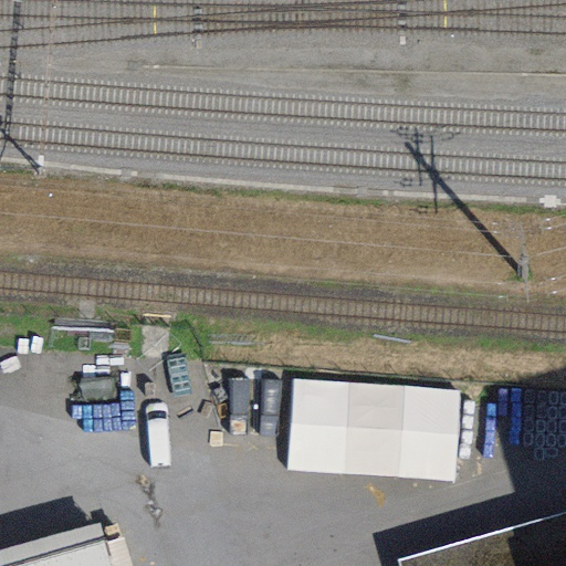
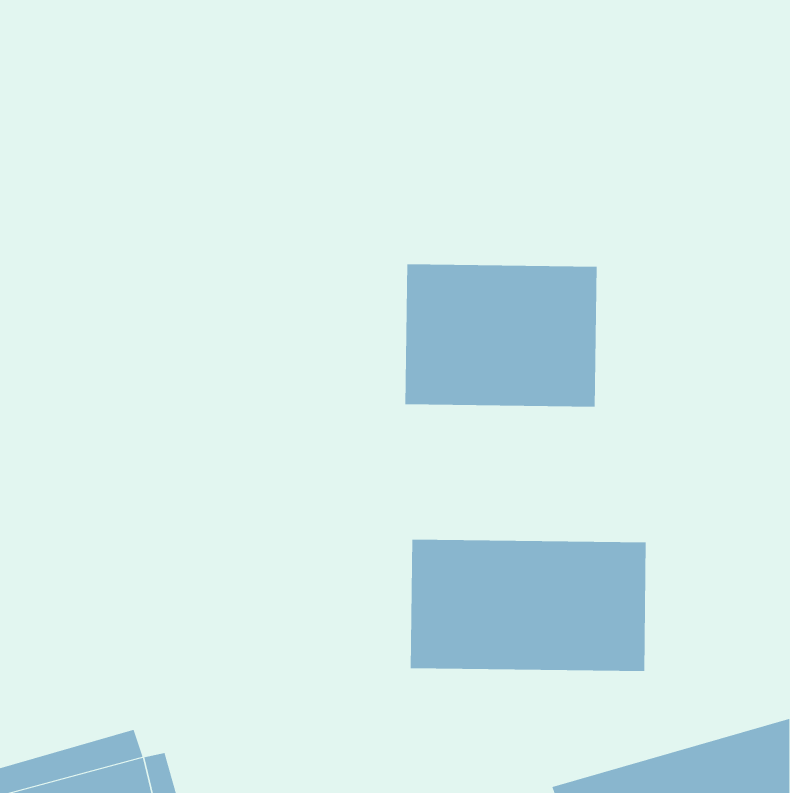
building: none -> [405,264,597,407]

